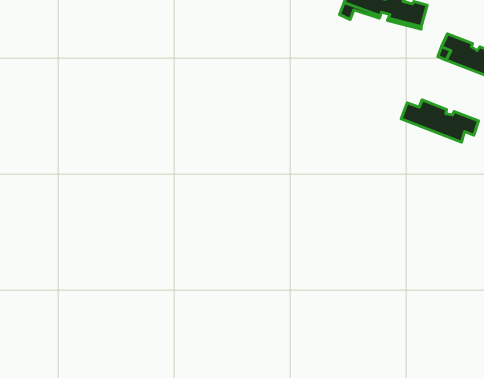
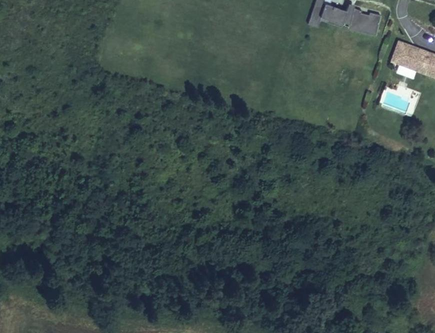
building: [401,100,478,142] -> none

